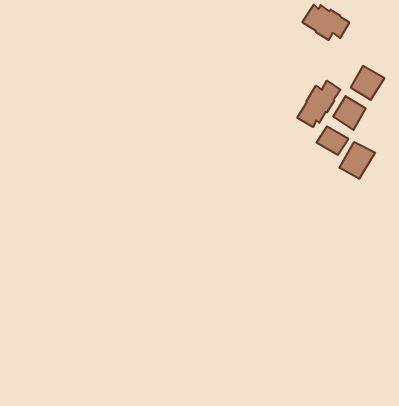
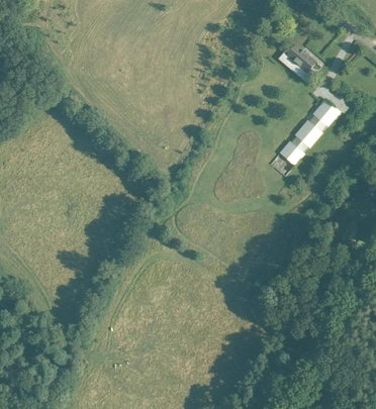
building: [297,81,340,127] -> none
building: [339,142,375,179] -> none

